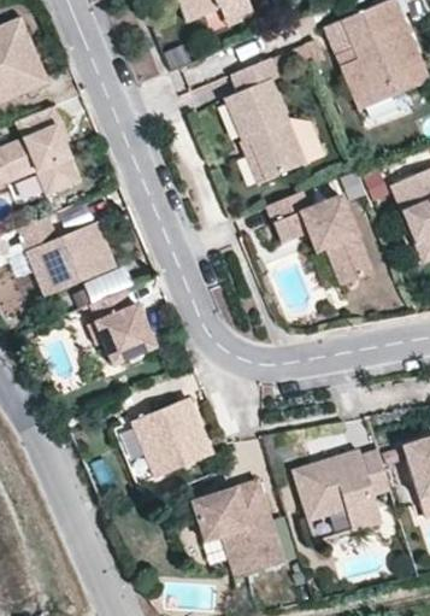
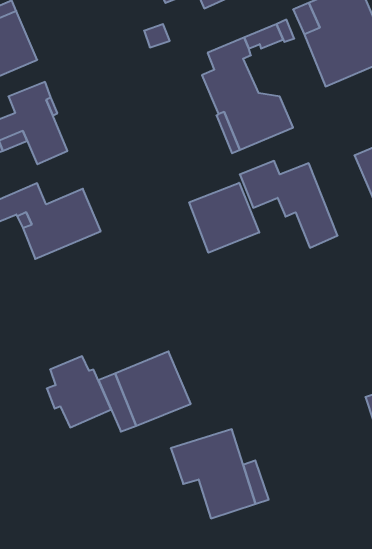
building: none -> [189,183,259,253]
building: [87,288,157,365] -> [47,356,111,427]
building: [293,450,390,529] -> none

